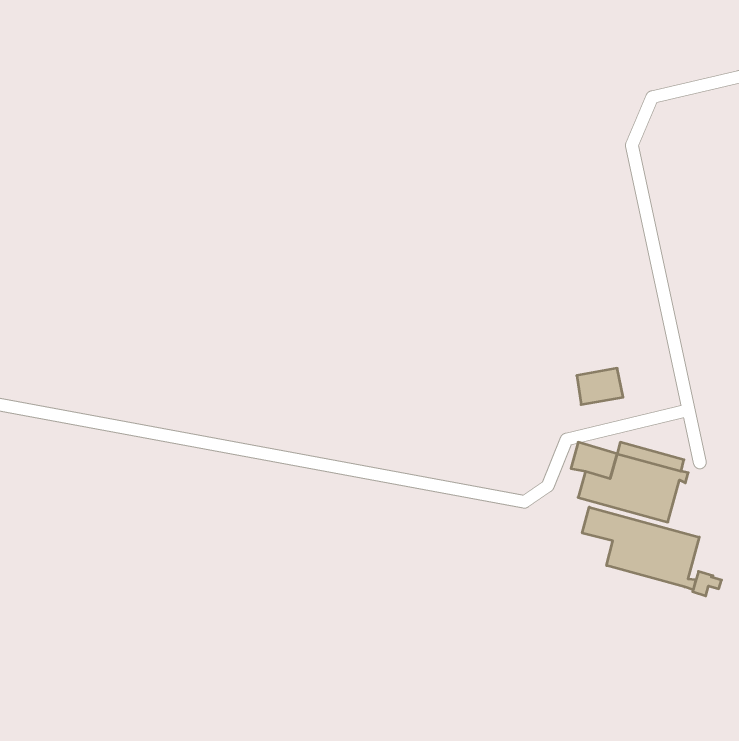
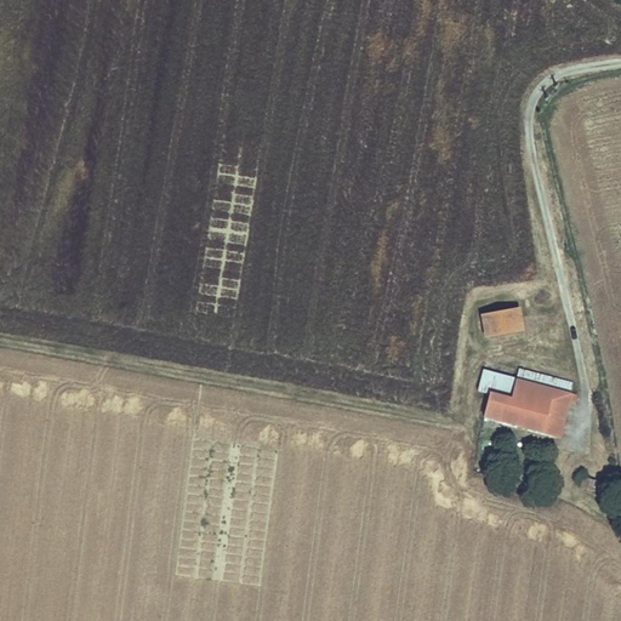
building: [582,507,699,590] -> none

